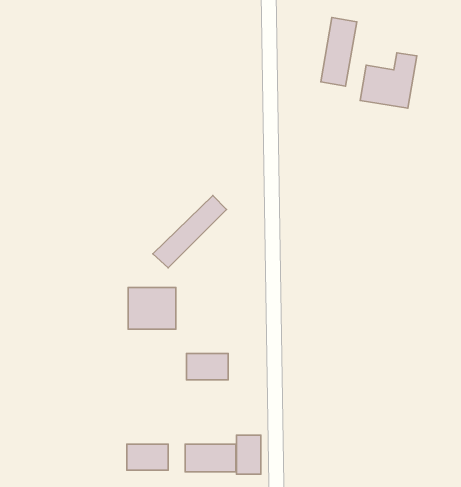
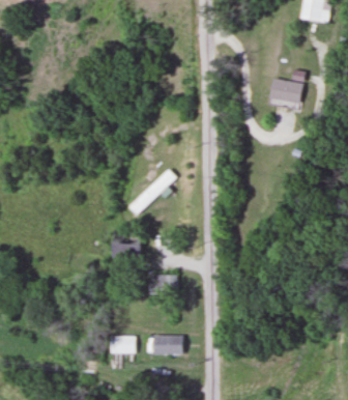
building: [321,18,357,86] -> none
building: [237,435,261,474] -> none

